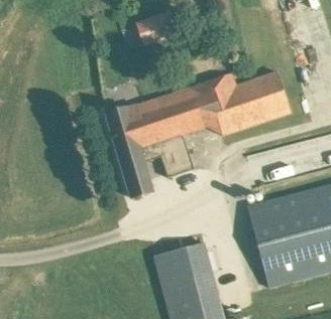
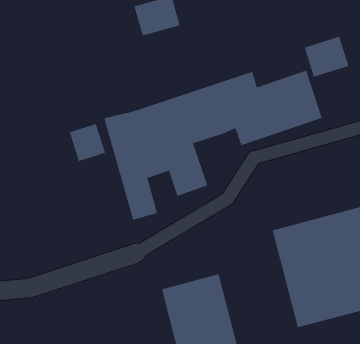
building: none -> [304,36,349,78]
building: none -> [69,123,106,162]

